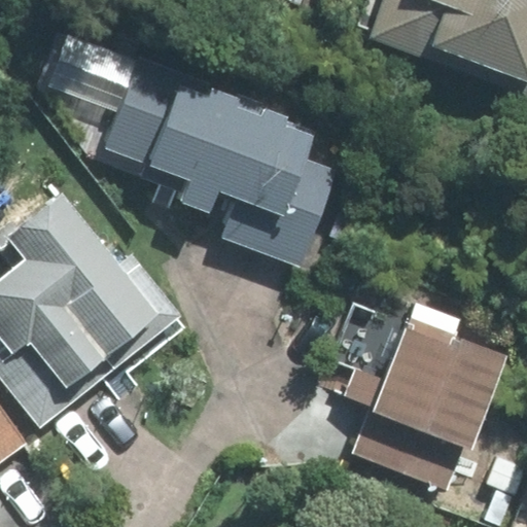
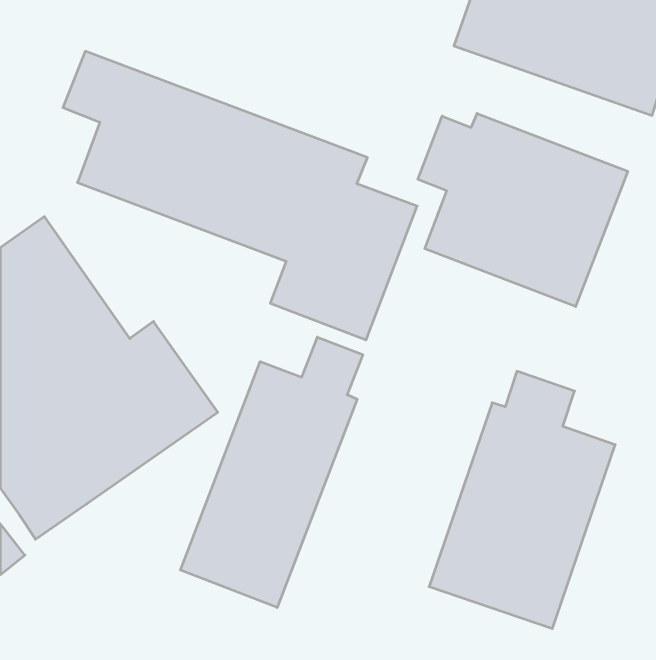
building: none -> [418,113,628,307]
building: none -> [180,337,363,608]

